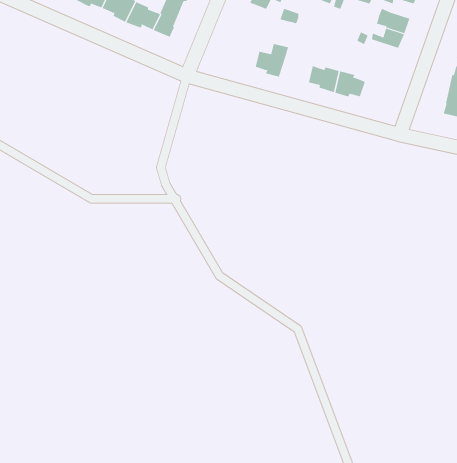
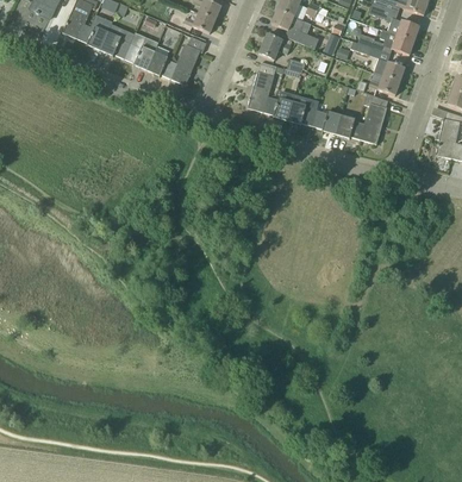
building: none -> [246,61,276,111]
building: none -> [360,92,387,143]
building: none -> [286,93,316,125]

